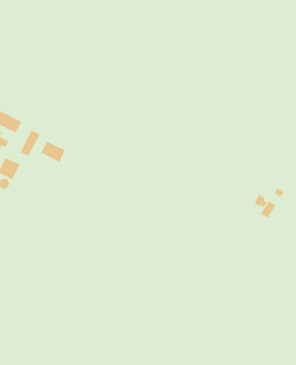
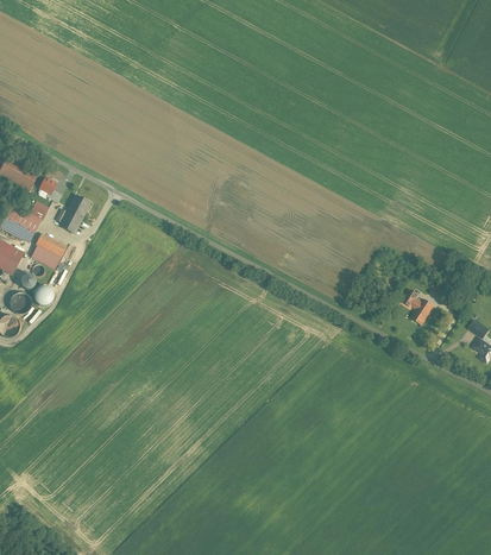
building: [41,141,65,163] -> none

